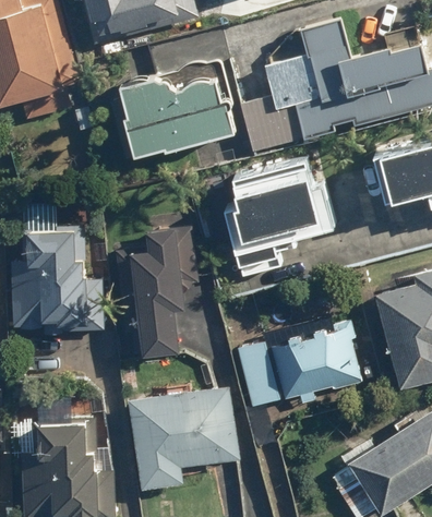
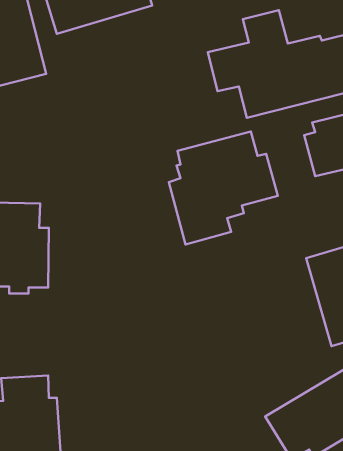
building: [113,75,230,157] -> none
building: [118,229,181,357] -> none
building: [238,326,362,407] -> none
building: [127,384,240,490] -> none

